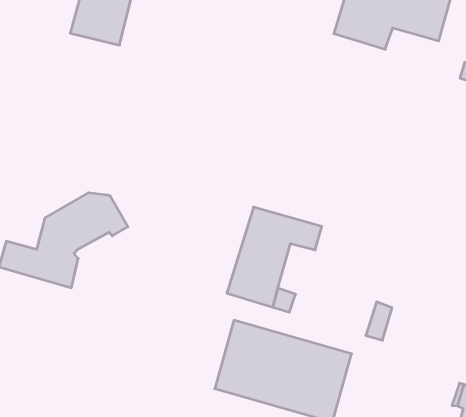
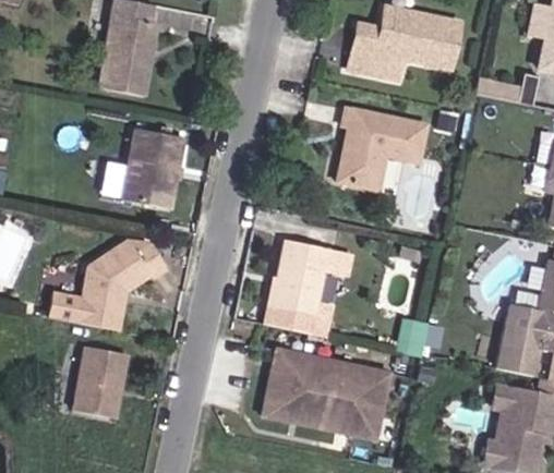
building: none -> [337,108,426,190]
building: none -> [123,129,181,207]
building: none -> [73,345,127,419]

